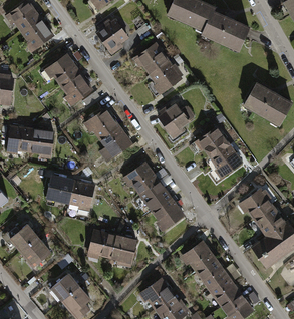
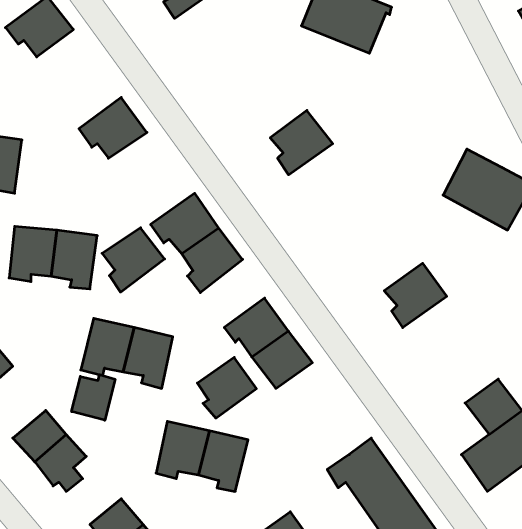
building: [201,8,251,50] -> none
building: [95,16,128,54] -> none
building: [21,17,54,52] -> none
building: [132,43,169,76] -> none
building: [60,73,94,108] -> [102,228,165,292]
building: [157,95,195,139] -> none
building: [195,125,232,160] -> none
building: [243,191,273,221] -> none
building: [152,199,184,232] -> [197,357,256,418]
building: none -> [72,375,115,420]

